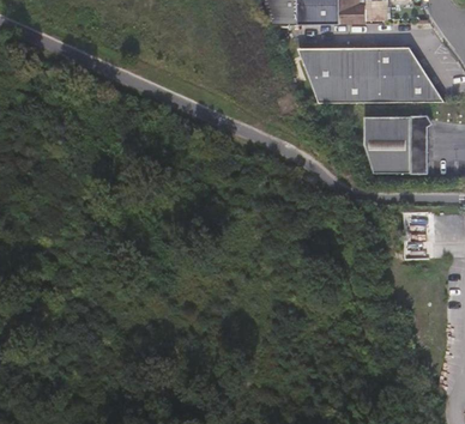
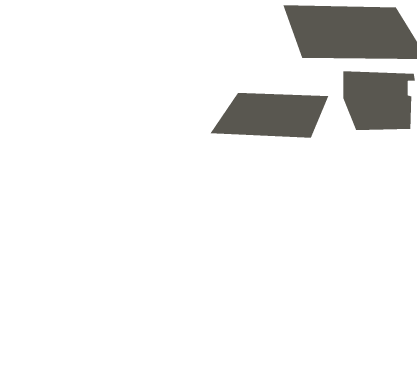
building: none -> [209,92,329,139]

